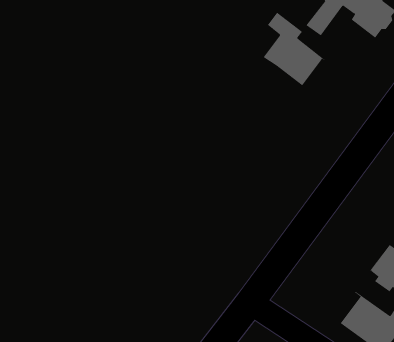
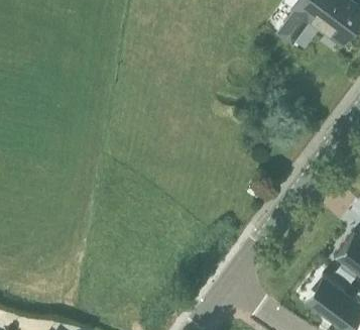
building: [263,12,328,86] -> none

